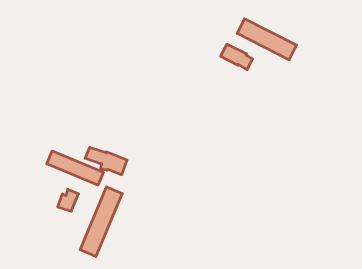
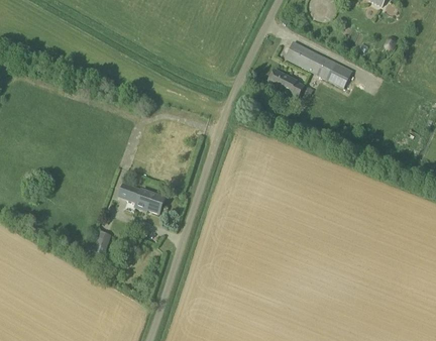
building: [47,151,103,185] -> none
building: [80,187,122,257] -> none

